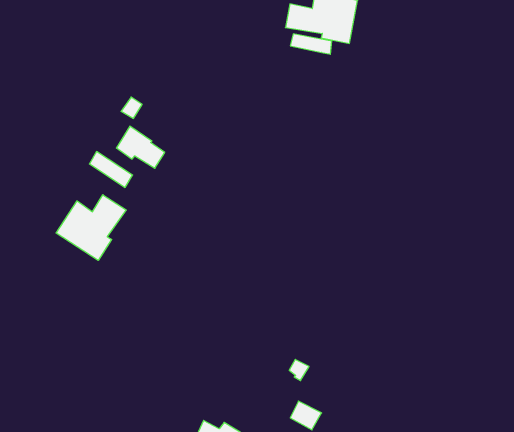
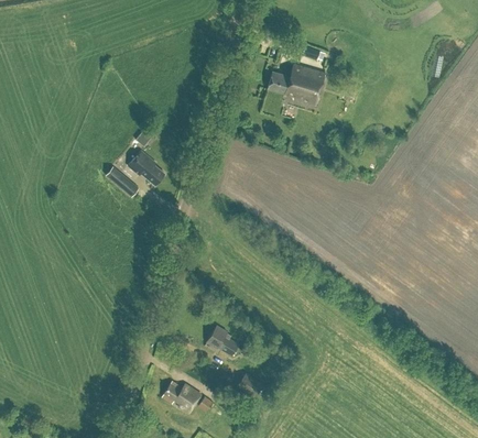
building: [56,195,126,260] -> none
building: none -> [207,324,239,353]

